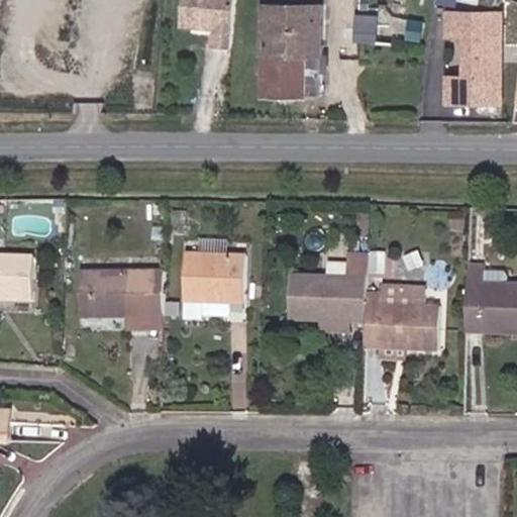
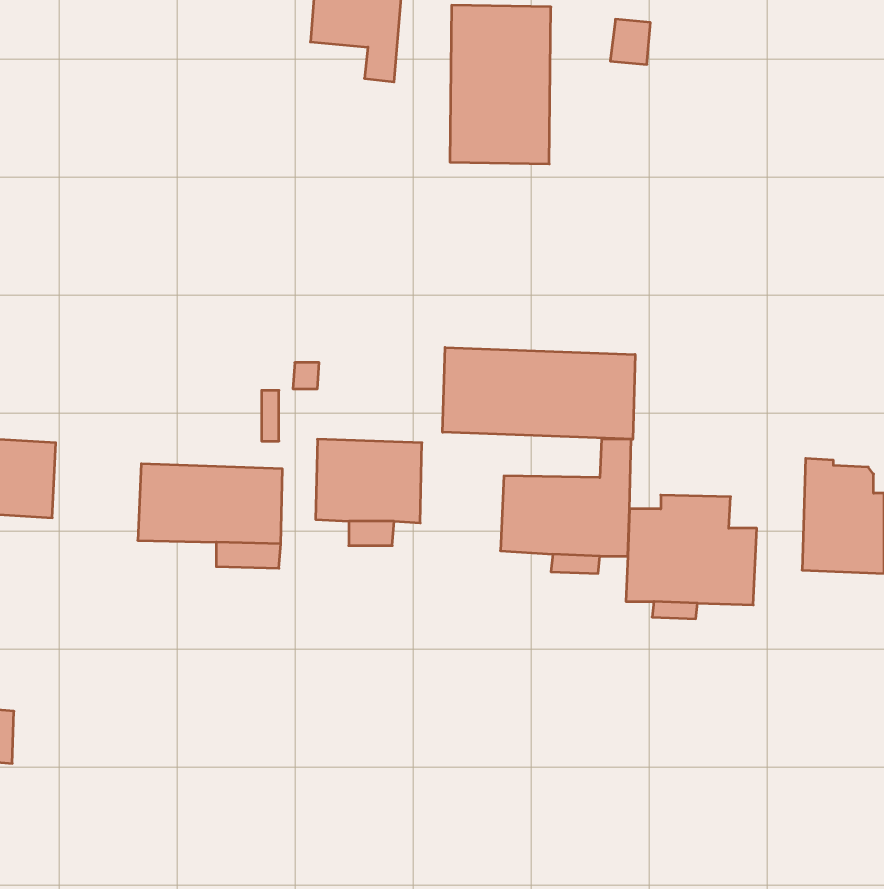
building: [444,12,498,102] -> none
building: none -> [443,347,635,439]

